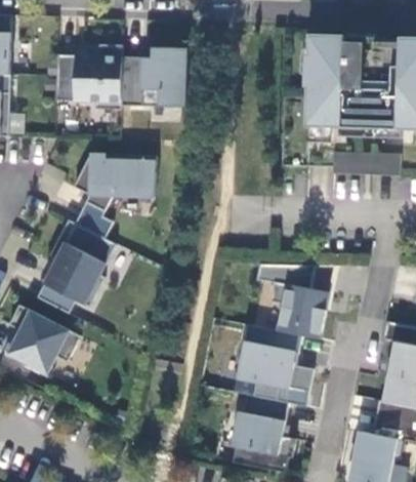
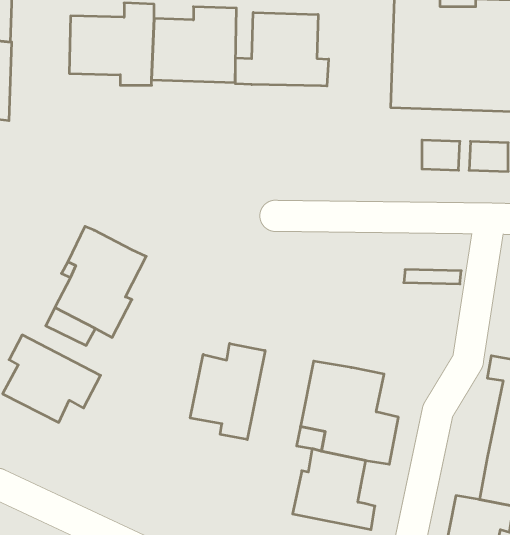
building: none -> [235,12,329,86]
building: [72,154,155,238] -> none
building: [255,264,328,338] -> none
building: none -> [190,343,265,440]

